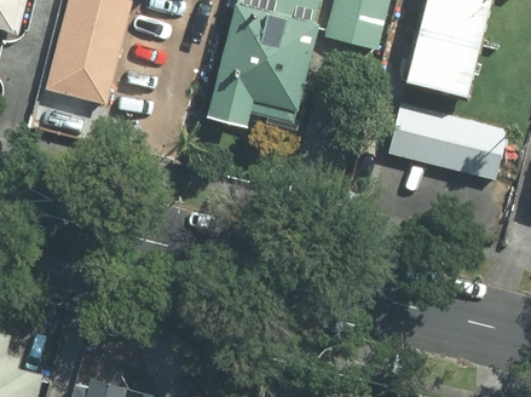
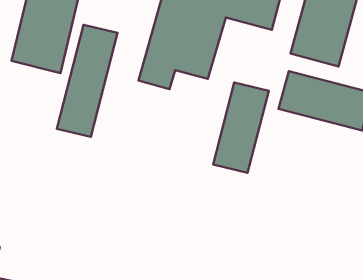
building: none -> [57,25,118,137]
building: none -> [213,83,269,173]

